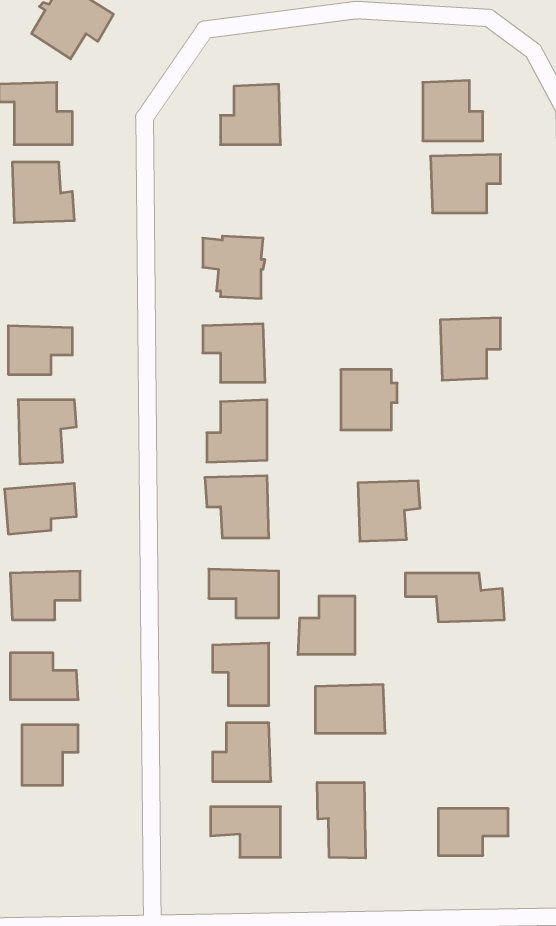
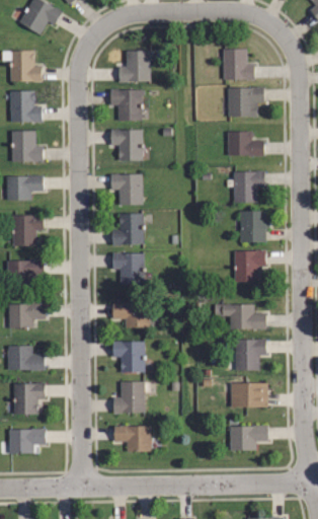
building: none -> [110,89,143,121]
building: none -> [12,130,44,162]
building: none -> [228,131,264,156]
building: [341,370,397,430] -> [239,211,268,242]
building: [358,481,420,541] -> [233,251,265,283]
building: [298,596,355,655] -> none
building: none -> [237,339,267,371]
building: [315,685,385,733] -> [232,383,268,409]
building: [317,782,366,858] -> none
building: none -> [10,430,46,454]

